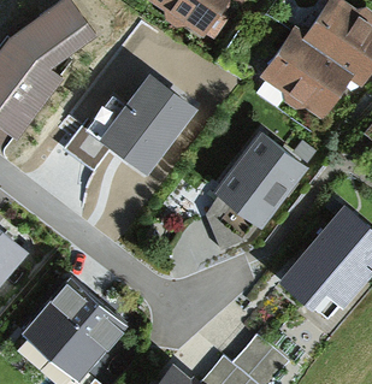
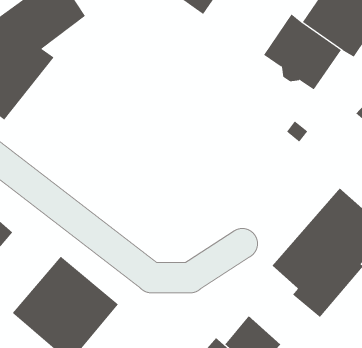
building: [65,78,195,178] -> none
building: [206,134,309,249] -> none

